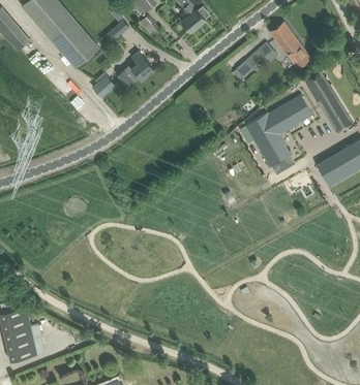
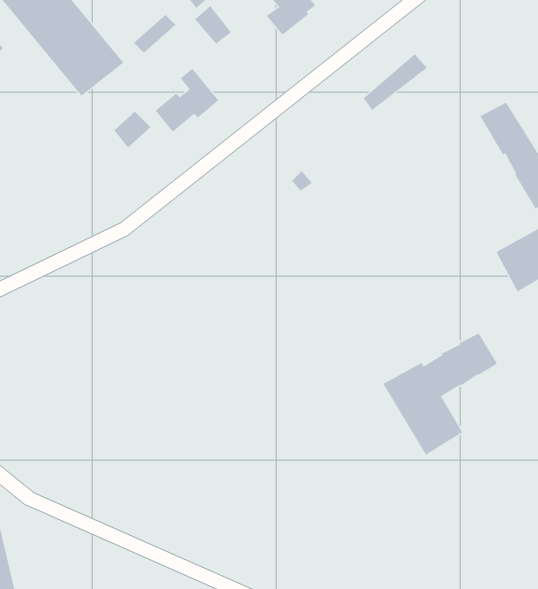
building: [270,23,310,69] -> none
building: [245,95,312,167] -> [382,330,499,455]

